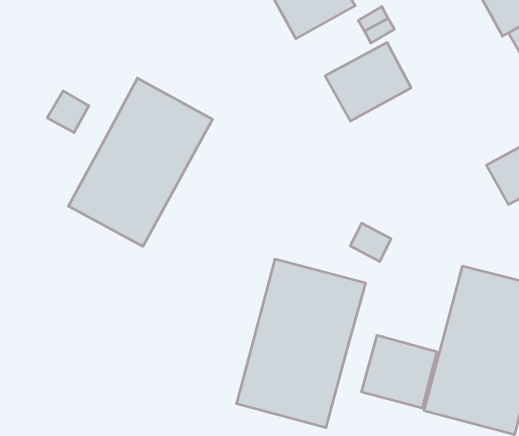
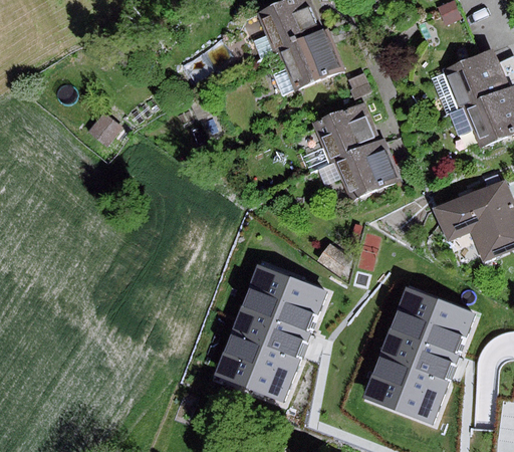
building: [68,78,212,246] -> none
building: none -> [334,138,402,200]
building: [362,335,437,408] -> none

